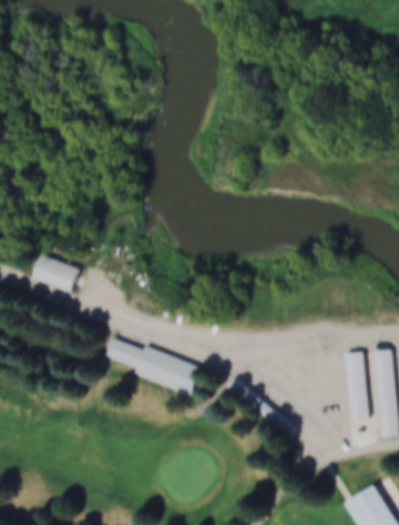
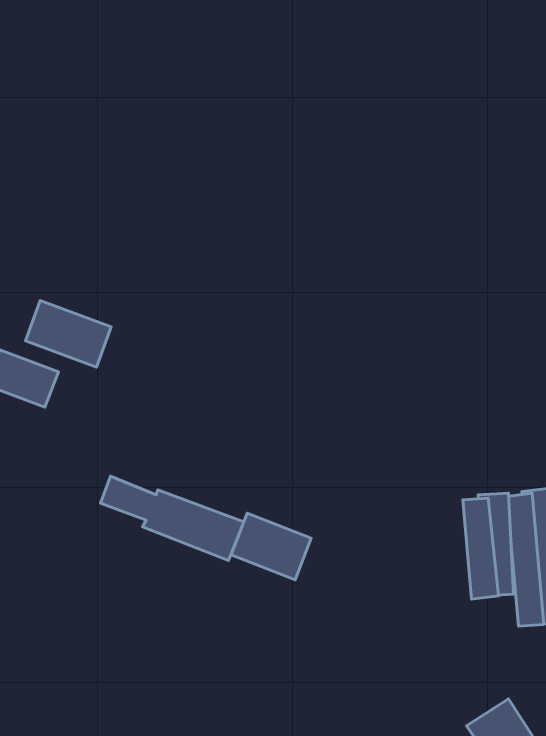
building: none -> [26,301,111,367]
building: none -> [231,513,311,580]

